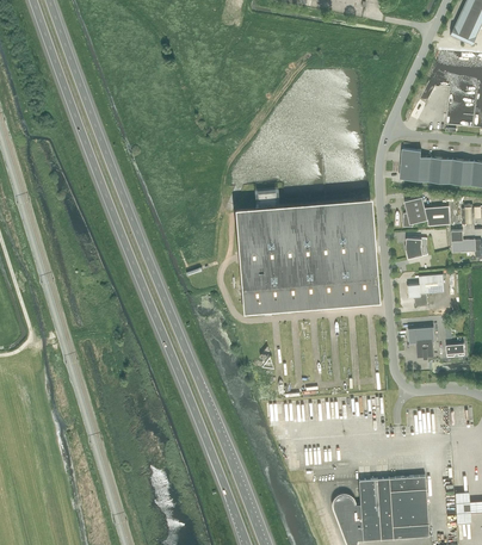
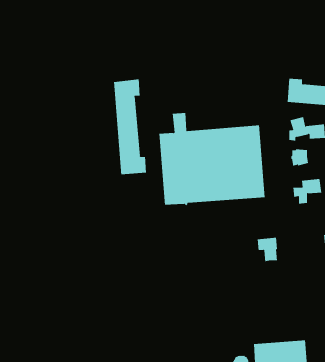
building: none -> [113,79,147,175]
building: [408,327,434,358] -> [257,237,278,262]

